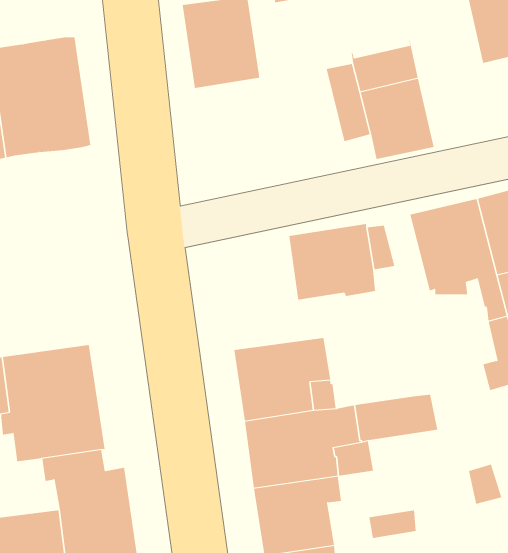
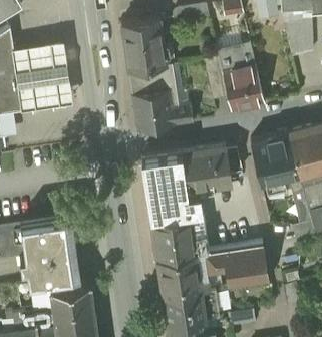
building: none -> [128,64,193,131]
building: none -> [141,153,214,218]
building: none -> [227,263,268,286]

